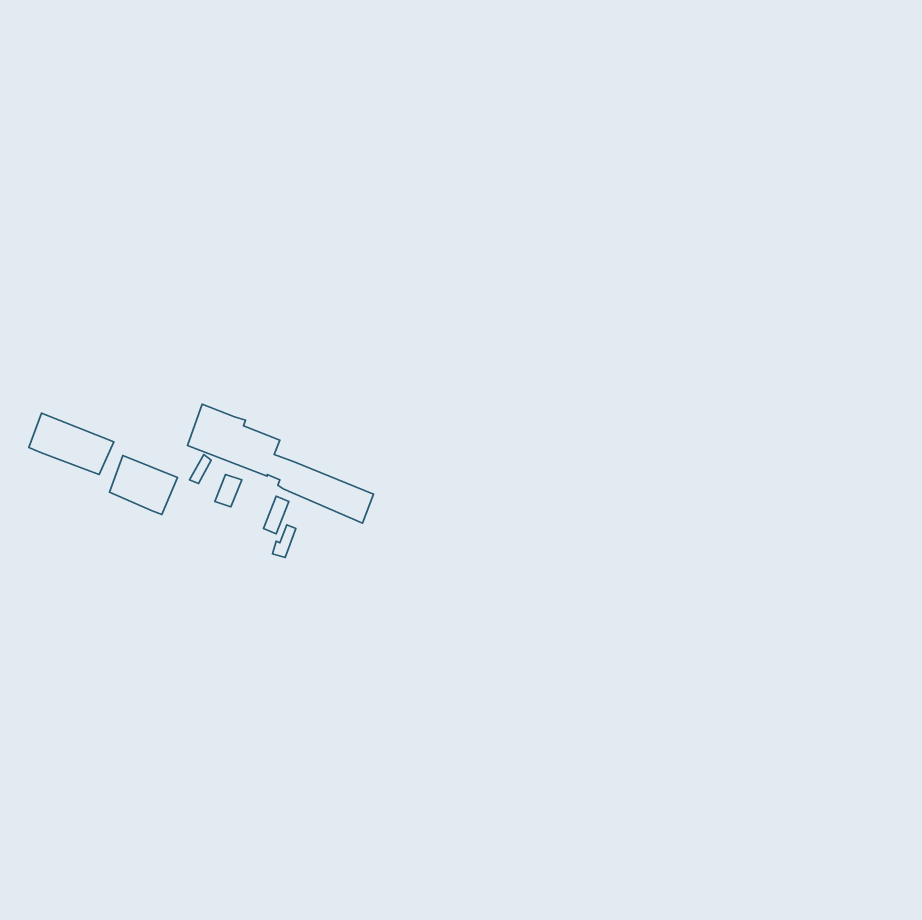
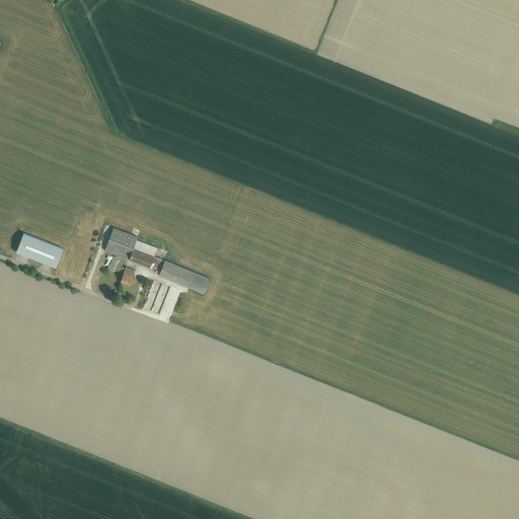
building: [109,456,177,514] -> none

